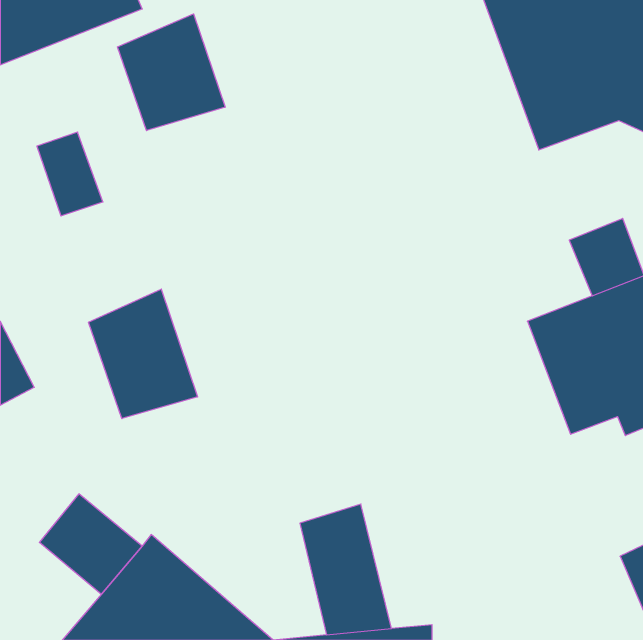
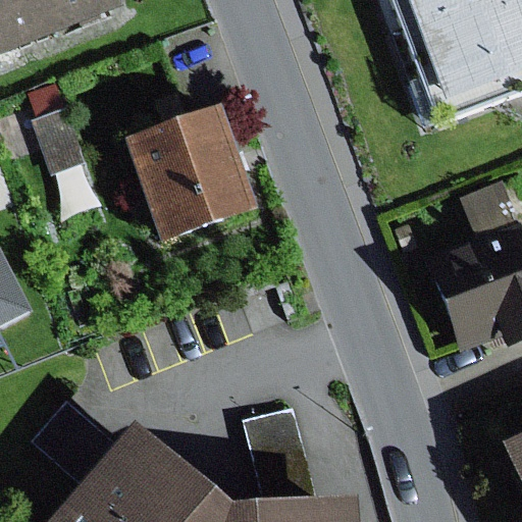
building: [117,14,225,131] -> none
building: none -> [125,109,254,244]
building: [89,289,198,419] -> none

